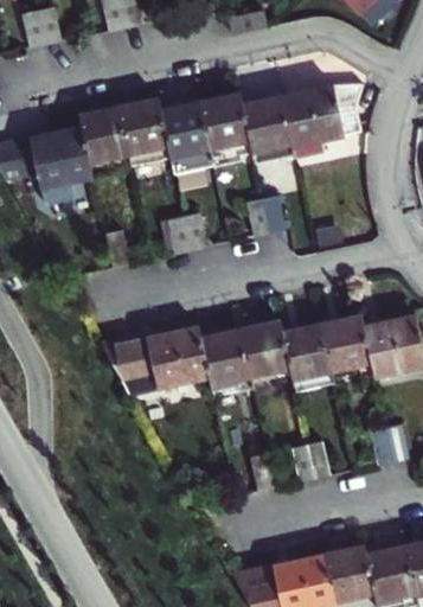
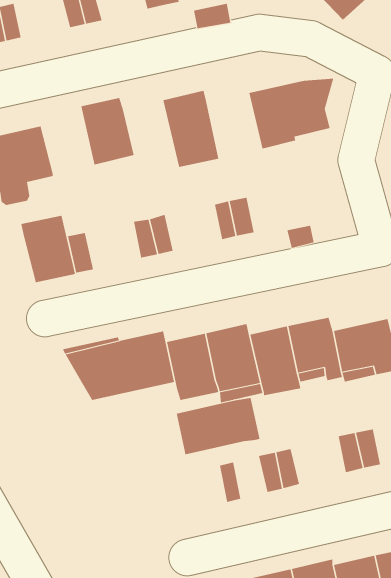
building: [242,95,295,162] -> none
building: [161,102,214,175] -> none
building: [79,108,133,173] -> [21,215,76,283]
building: none -> [176,397,260,455]

